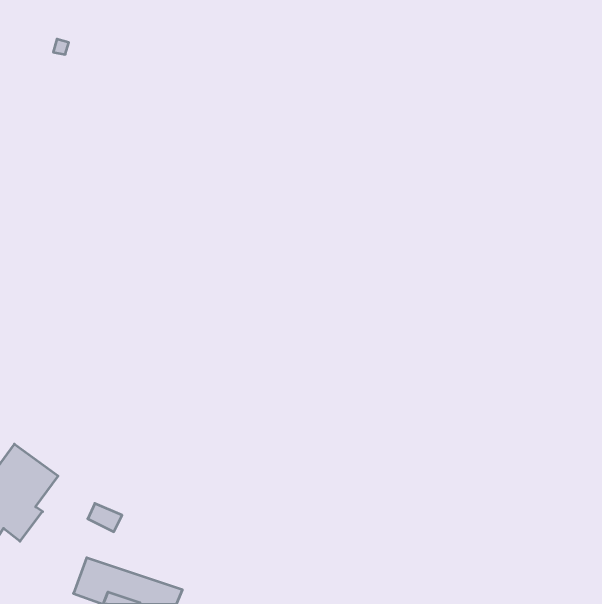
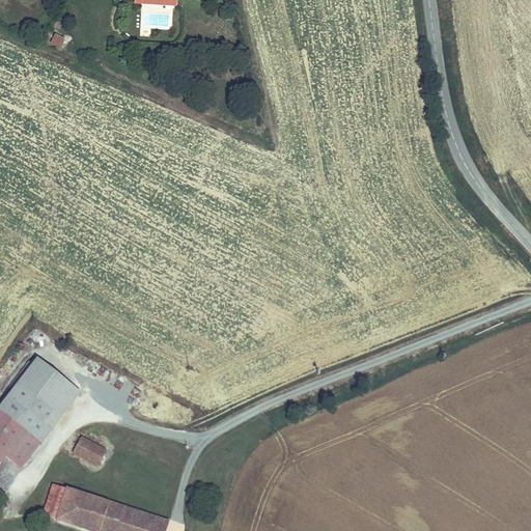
building: none -> [12,364,75,448]
building: none -> [39,479,76,520]

